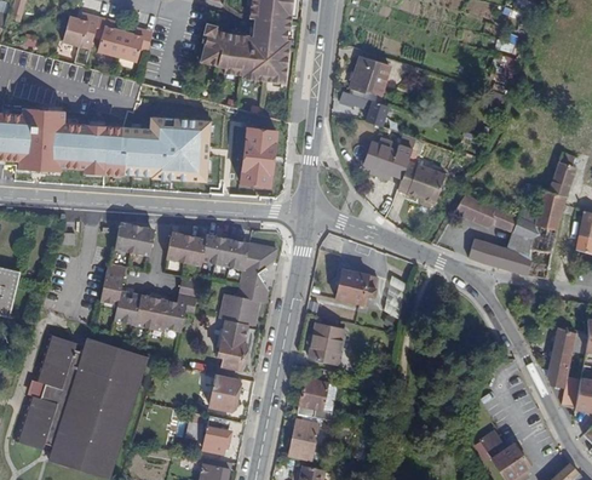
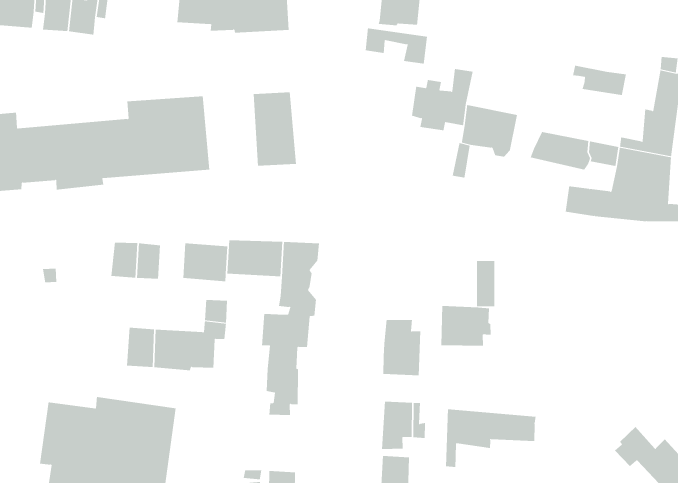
building: none -> [573,65,626,96]
building: [100,262,126,303] -> none
building: [334,269,377,305] -> [441,306,491,346]
building: [208,373,236,411] -> none
building: none -> [445,408,536,468]

